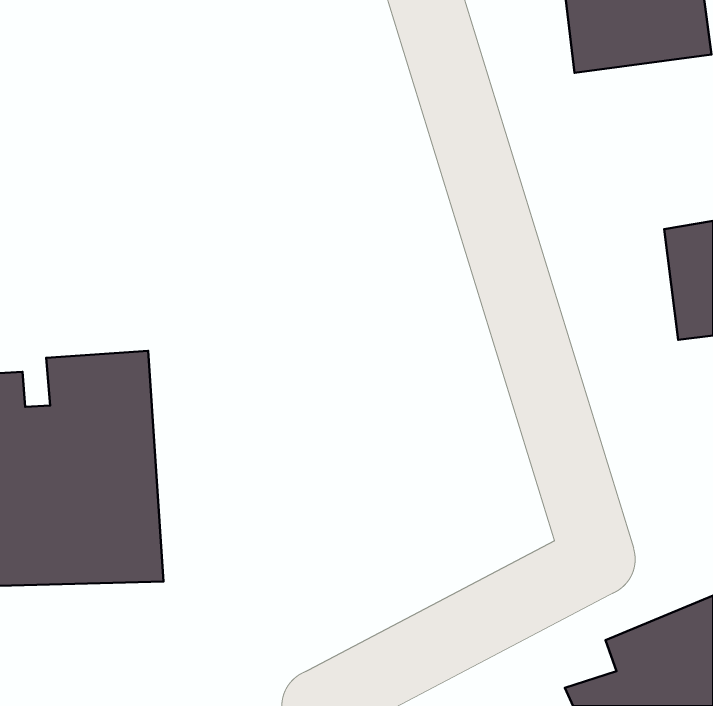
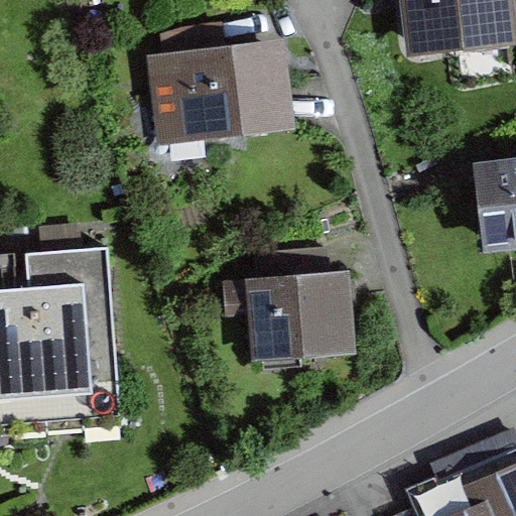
building: none -> [155,45,290,140]
building: none -> [244,270,353,363]

